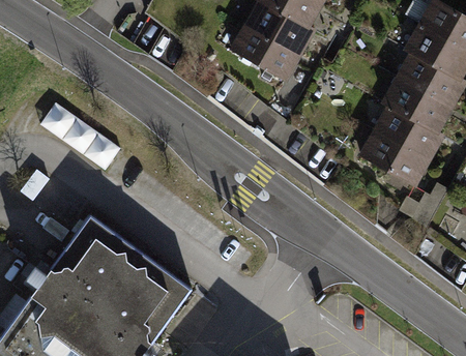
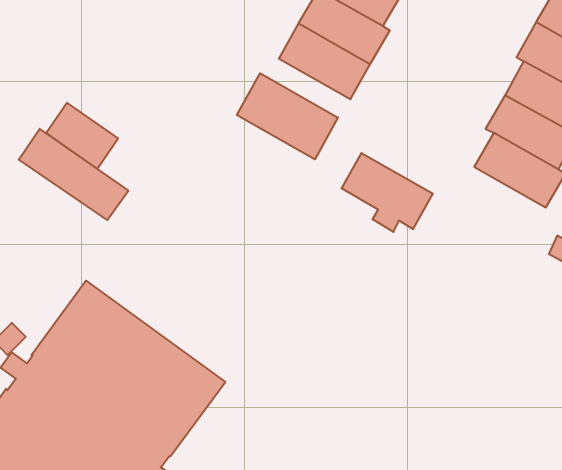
building: none -> [237,73,338,159]
building: none -> [46,103,118,169]
building: [360,131,428,189] -> [341,153,433,232]

